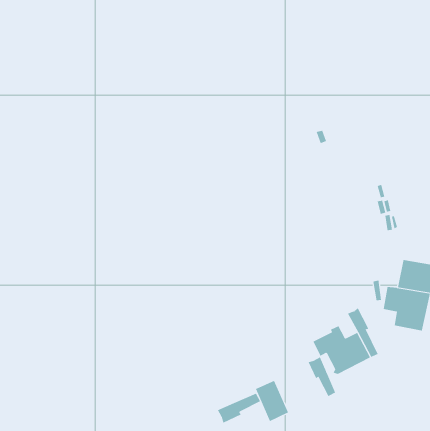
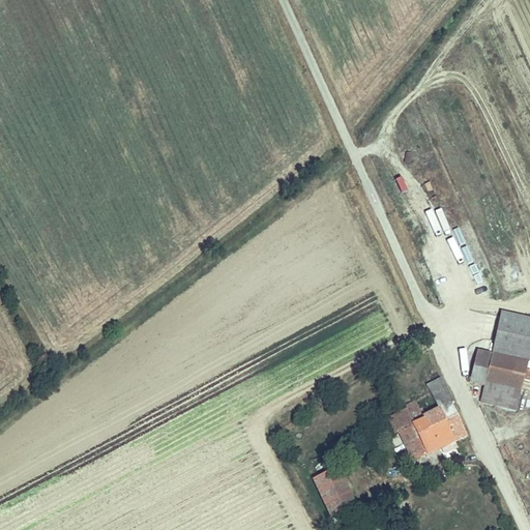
building: [308,356,336,397] -> none
building: [217,393,261,423] -> none

